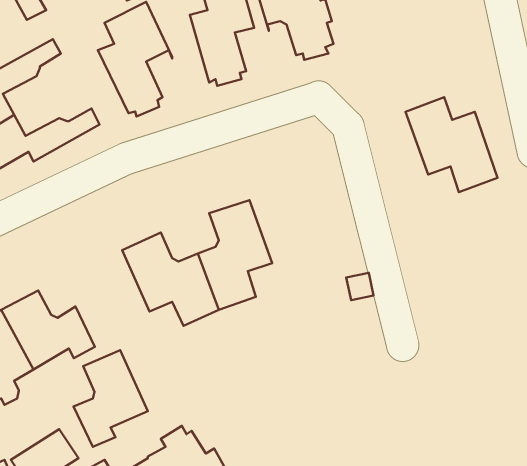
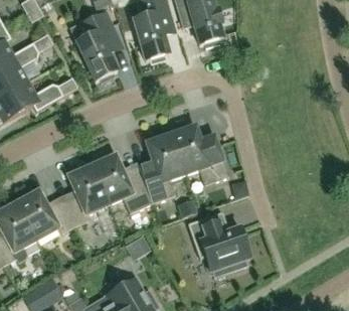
building: [405,97,497,192] -> [171,125,228,184]
building: none -> [188,211,250,270]
building: [73,350,148,447] -> [62,165,109,225]

